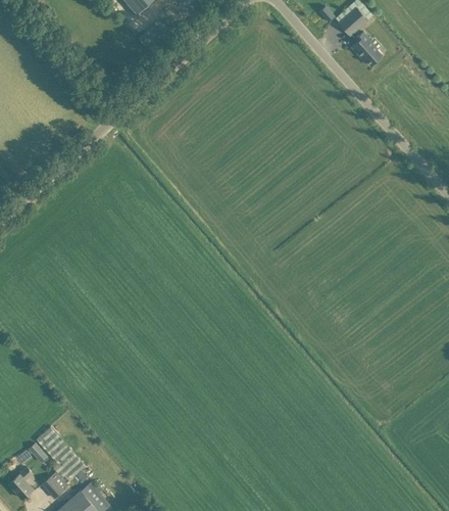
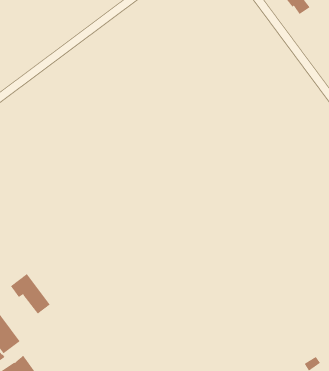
building: none -> [10,273,50,315]

